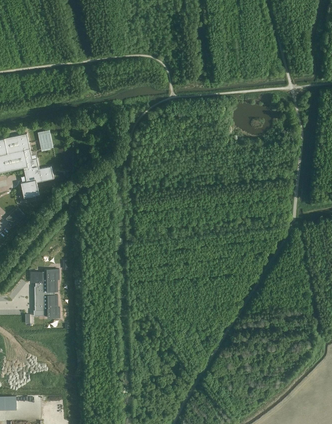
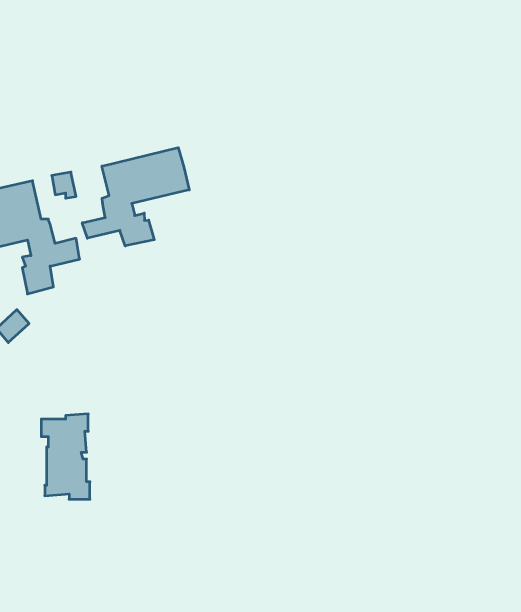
building: none -> [82,148,189,246]

